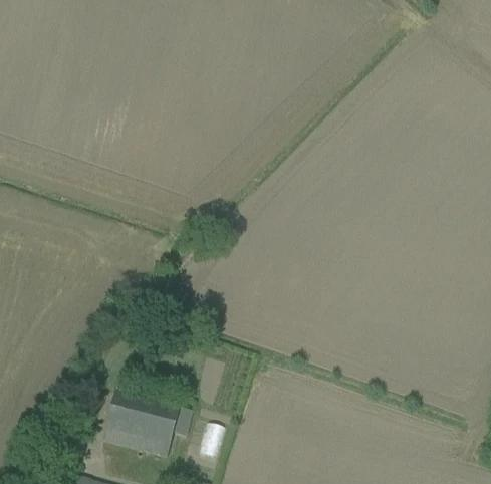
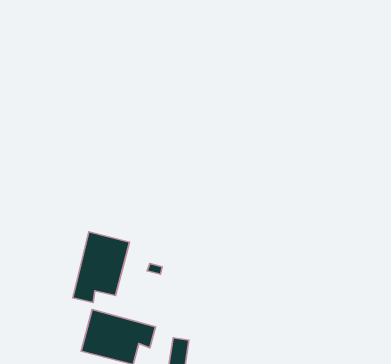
building: none -> [73,232,129,303]

